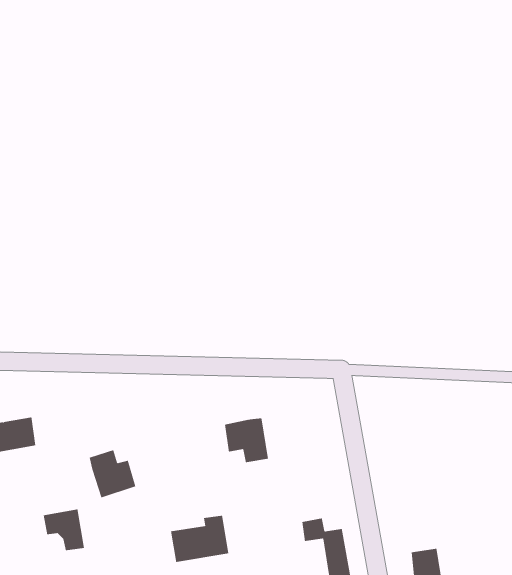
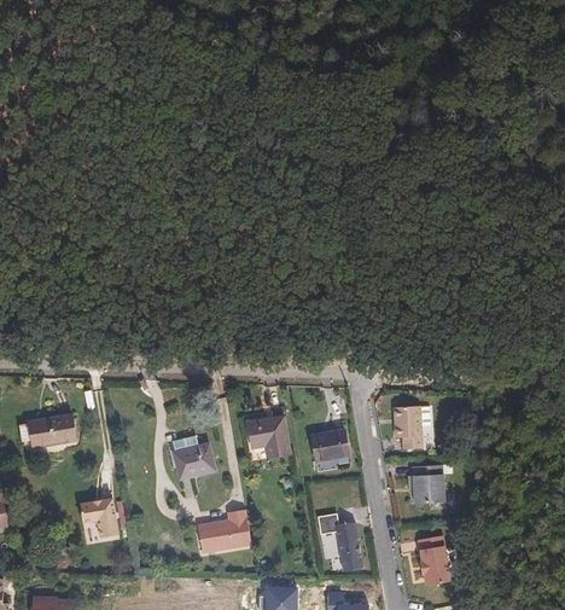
building: none -> [395,408,423,449]
building: none -> [315,431,351,464]
building: [89,450,136,498] -> [170,431,214,476]
building: none -> [408,466,444,504]

